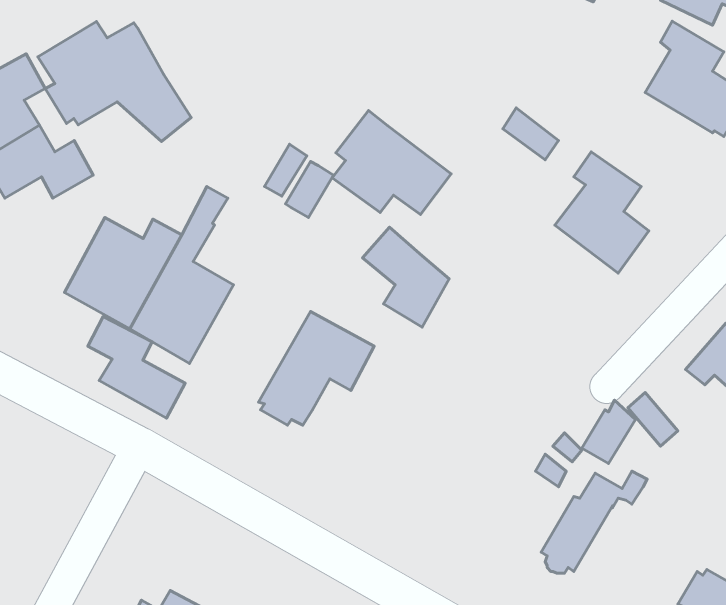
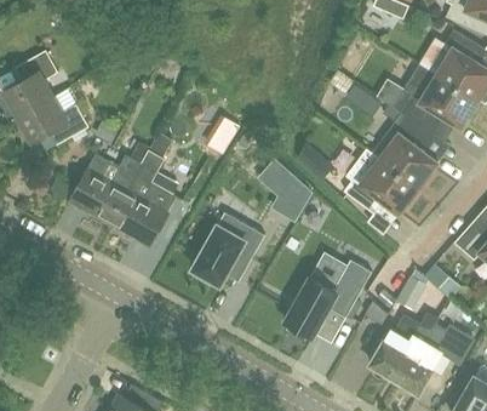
building: [38,22,191,142] -> none
building: none -> [401,63,477,133]
building: [332,110,451,214] -> [343,148,418,213]
building: [88,316,185,418] -> none
building: none -> [285,252,371,338]
building: none -> [390,322,474,392]

